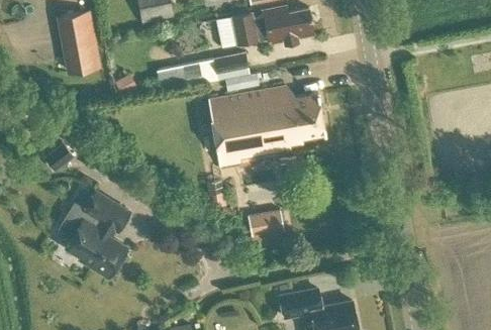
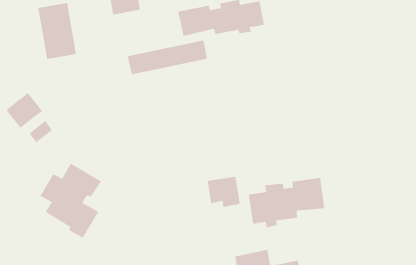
building: [209,85,324,169] -> none
building: none -> [6,92,43,129]
building: none -> [248,177,325,228]

